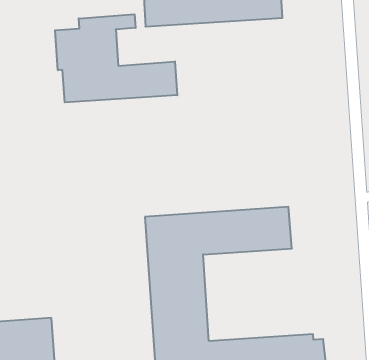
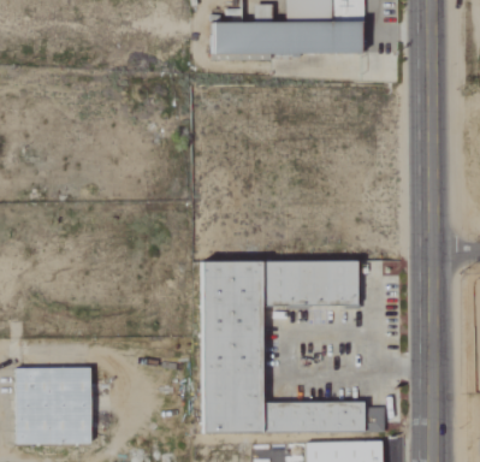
building: [55,14,177,102] -> none

